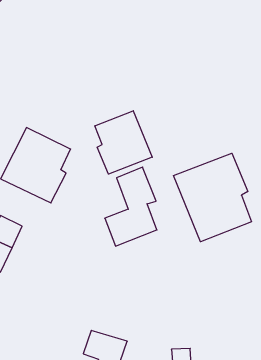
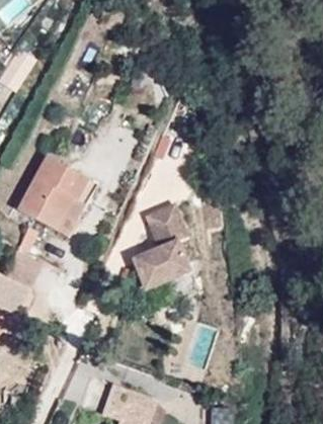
building: [95,111,152,174] -> none
building: [173,153,252,242] -> none

